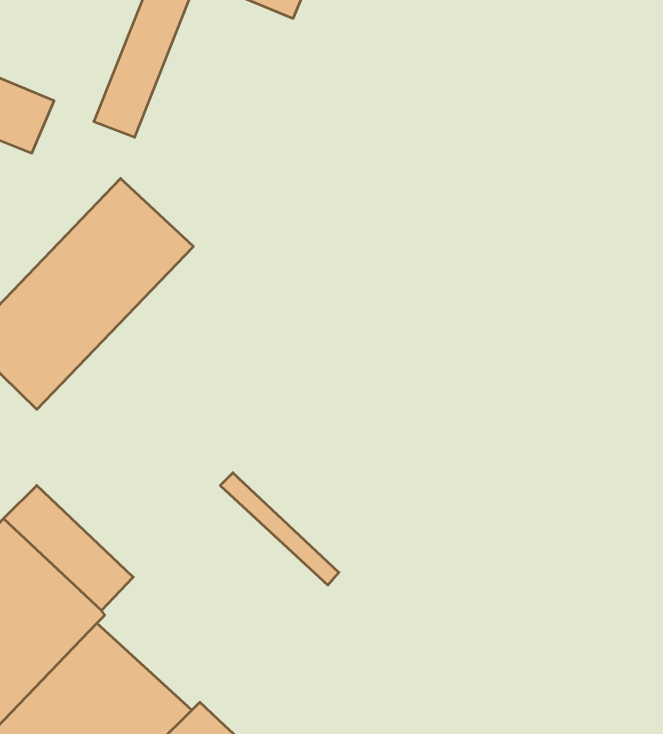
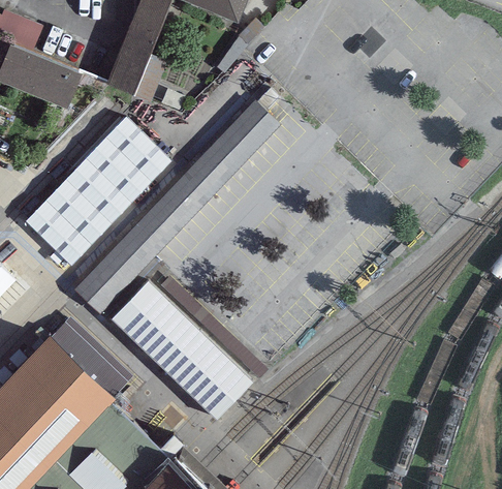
building: none -> [72,102,280,316]
building: none -> [109,282,252,420]

